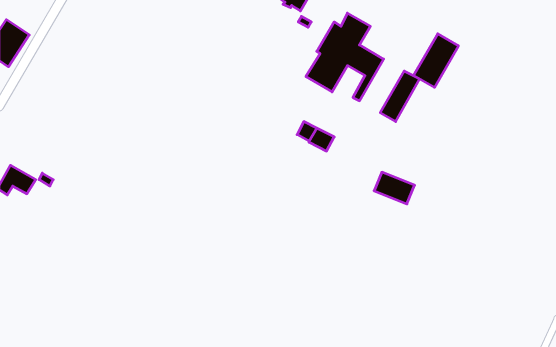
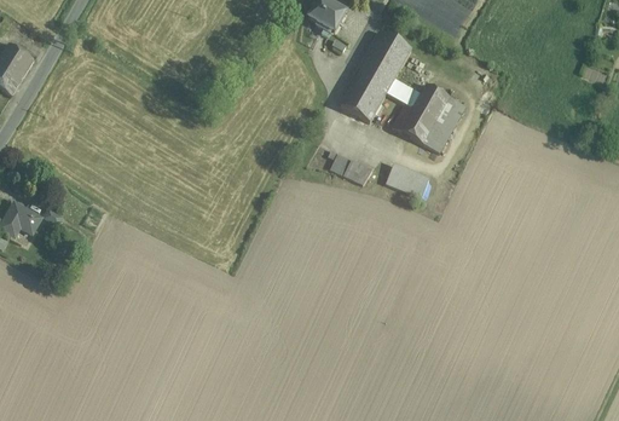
building: [414,34,458,87] -> [400,83,450,143]
building: [374,172,415,204] -> [384,162,429,197]

